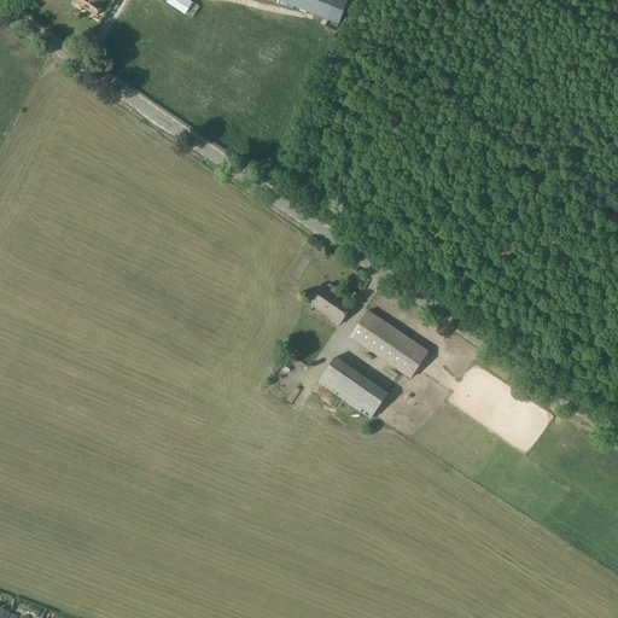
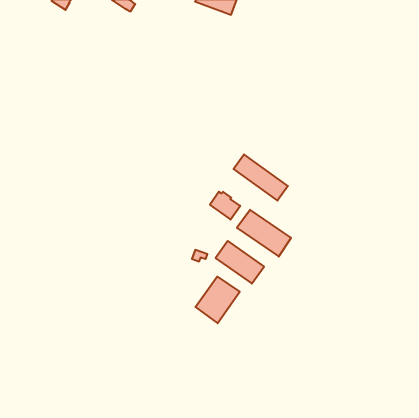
building: none -> [234,154,288,201]
building: none -> [195,277,240,323]

